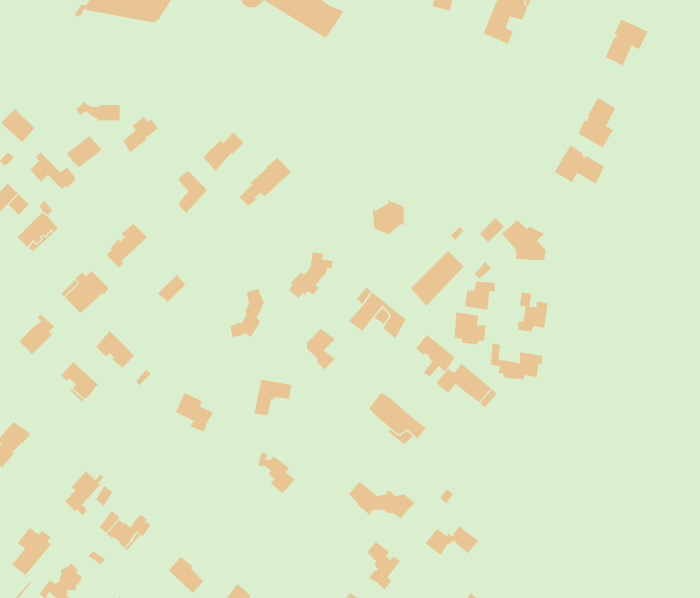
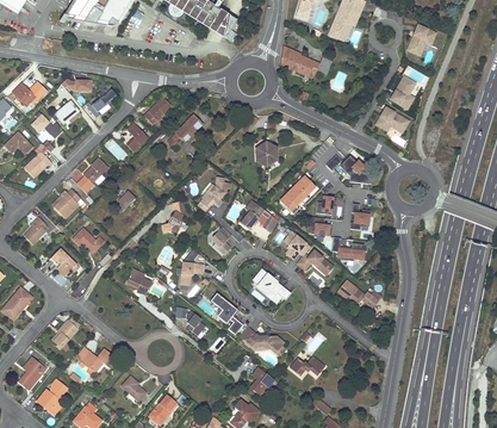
building: none -> [281,45,333,76]
building: none -> [337,279,379,308]
building: none -> [210,292,242,334]

